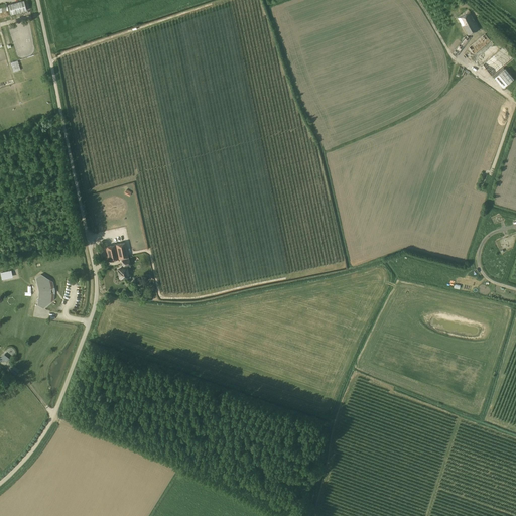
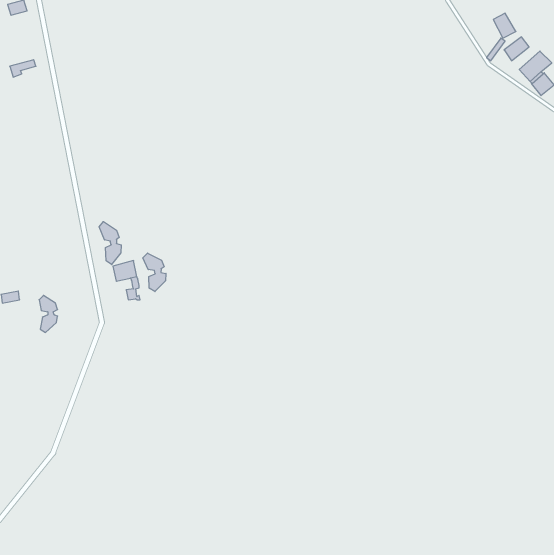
building: none -> [99,222,121,265]
building: none -> [143,253,166,292]

